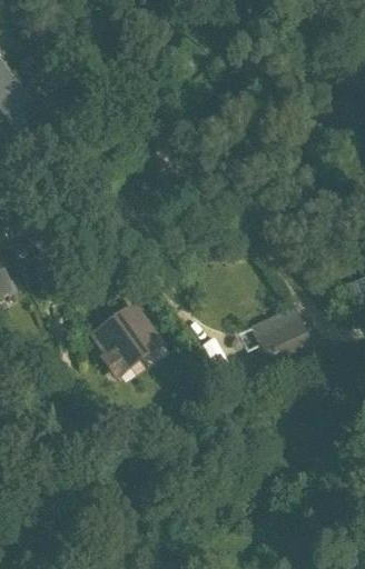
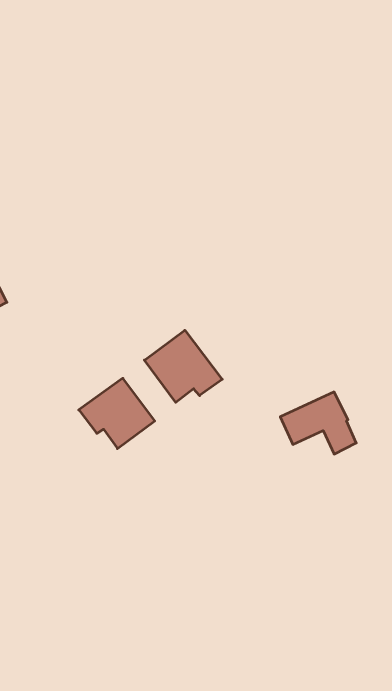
building: none -> [144,330,222,402]

